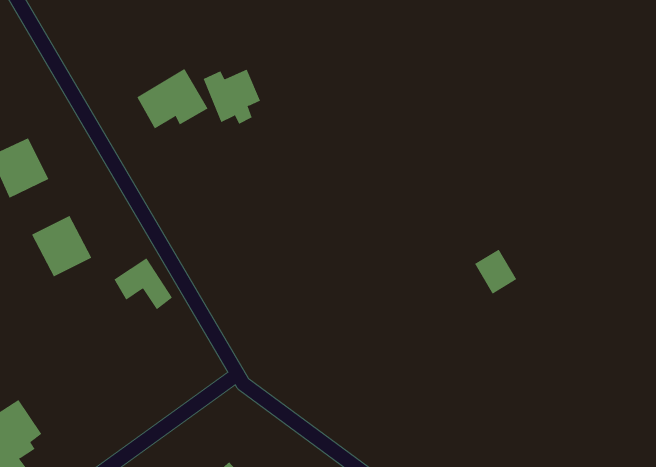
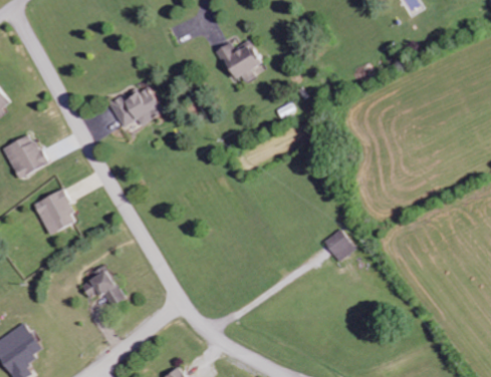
building: [203,69,261,124] -> [218,41,260,81]
building: [474,249,517,294] -> [322,229,353,262]
building: [113,257,173,310] -> [81,269,125,307]

